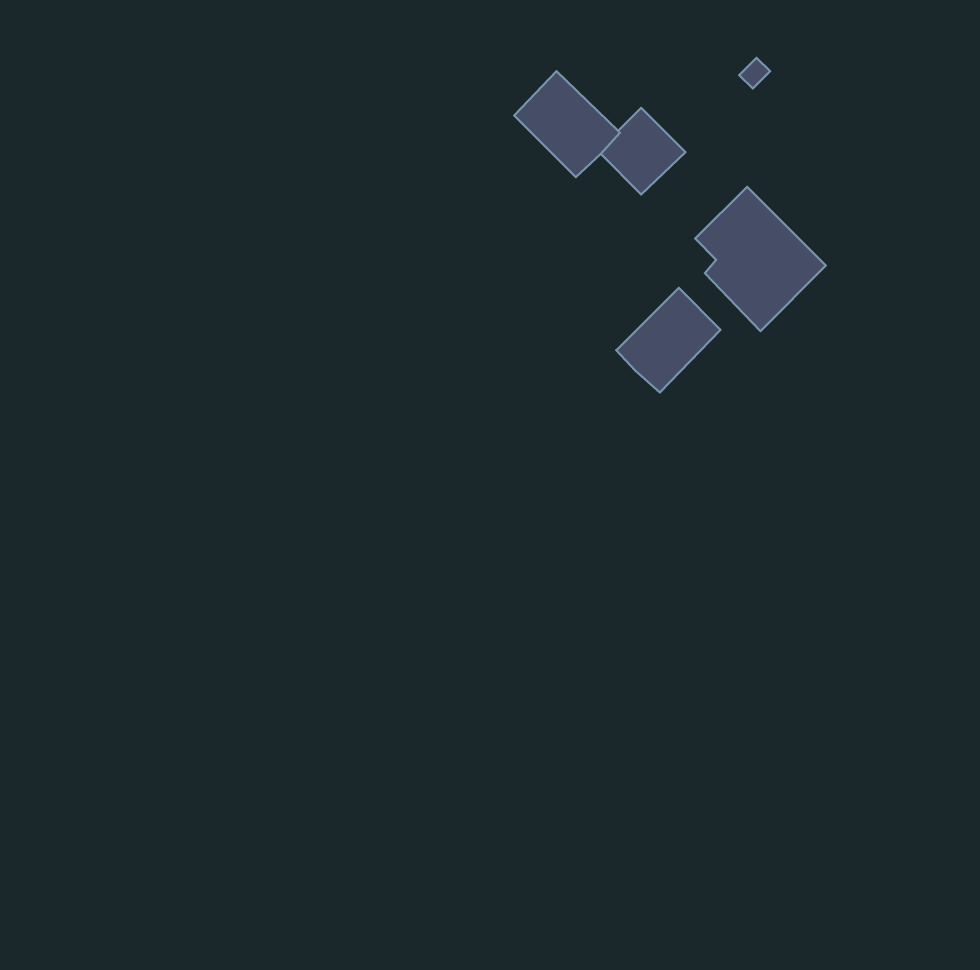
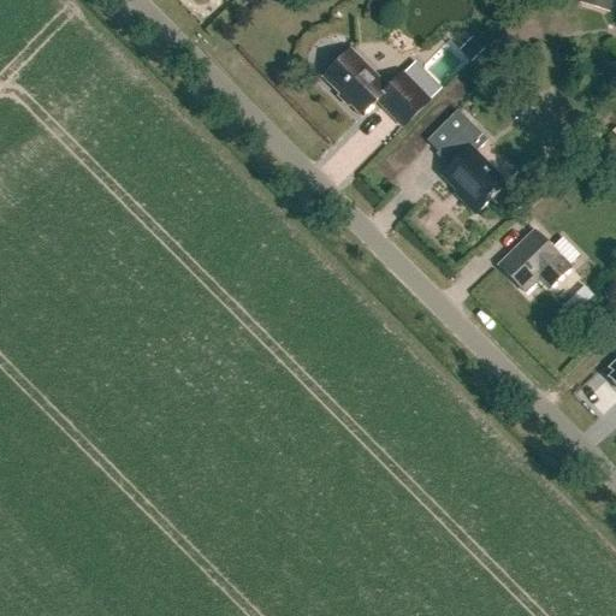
building: [616,288,720,392] -> none
building: none -> [497,225,569,288]

